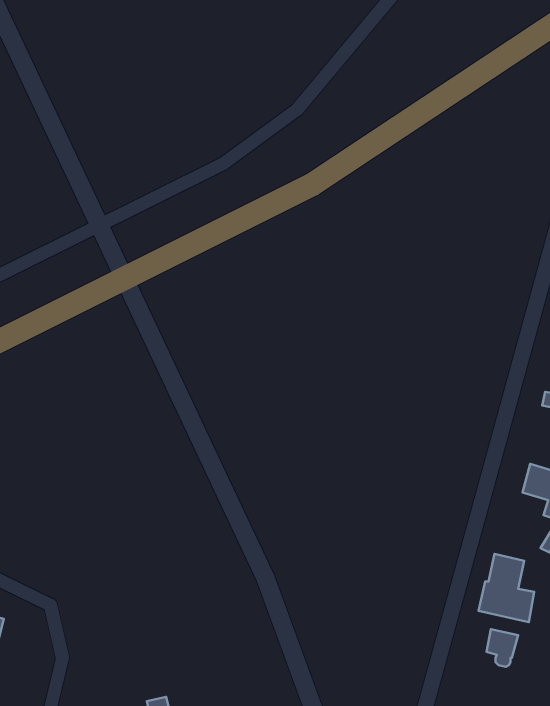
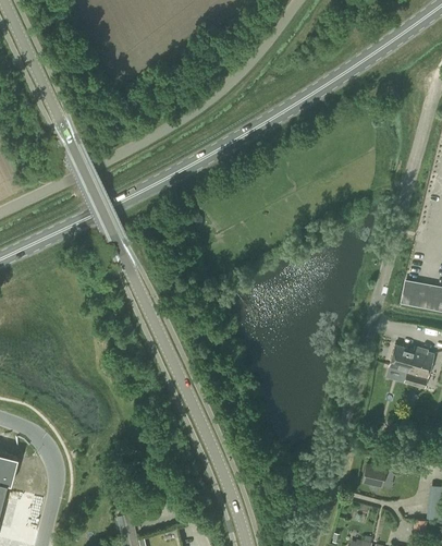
building: [478,554,534,622] -> none

